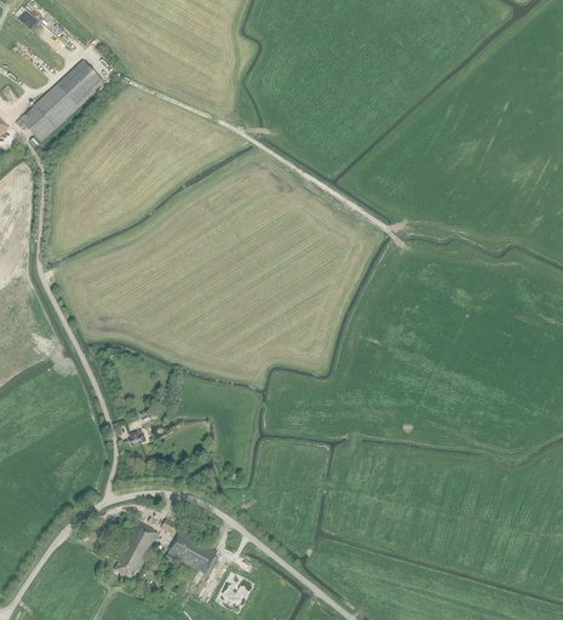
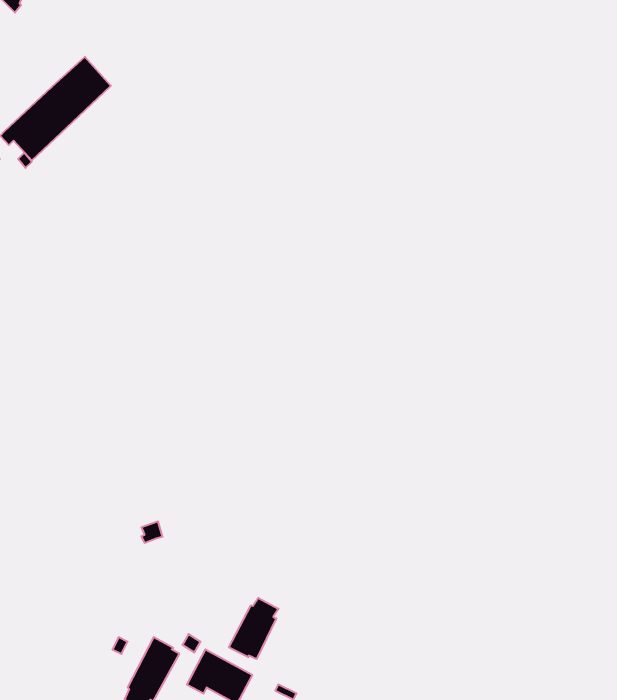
building: none -> [229,598,279,659]

